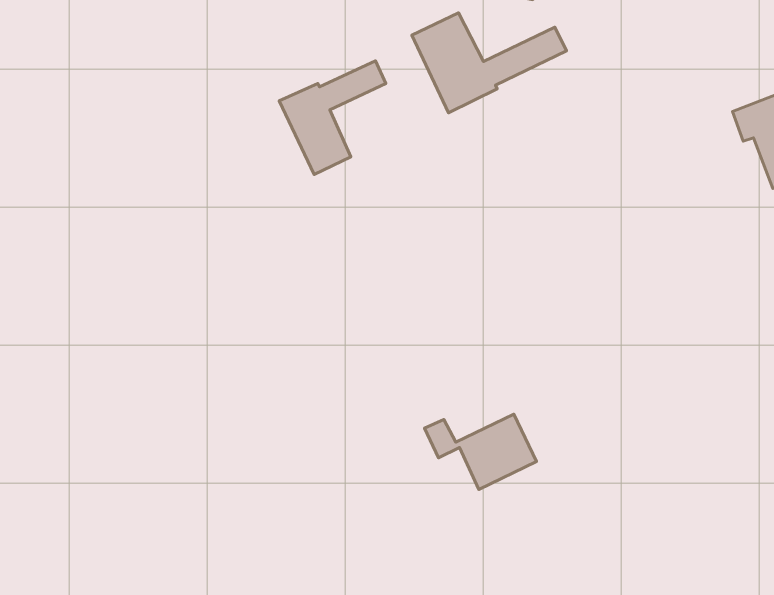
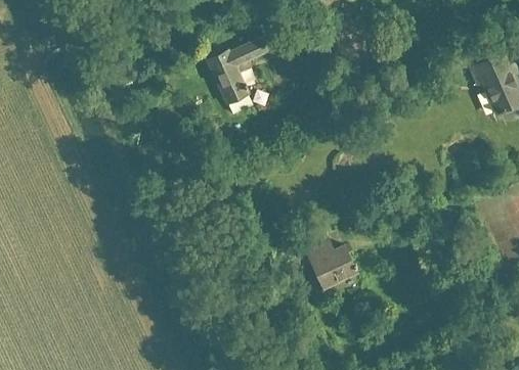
building: [412,13,566,113] -> none

